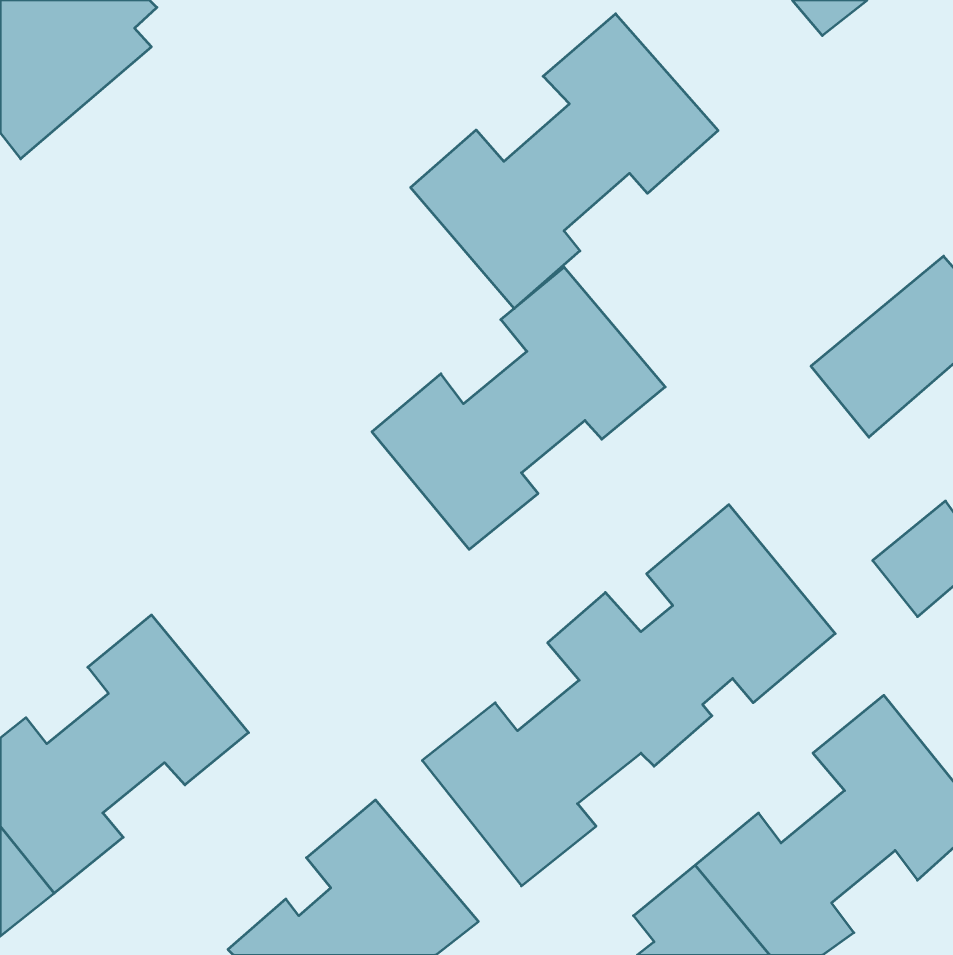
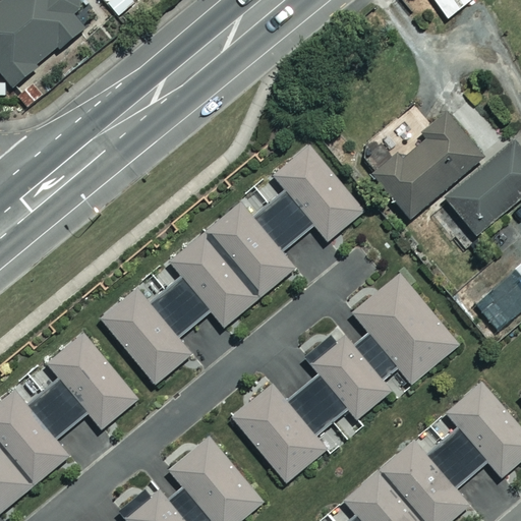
building: [411,14,718,309] -> none
building: none -> [370,111,485,222]
building: none -> [102,235,256,384]

